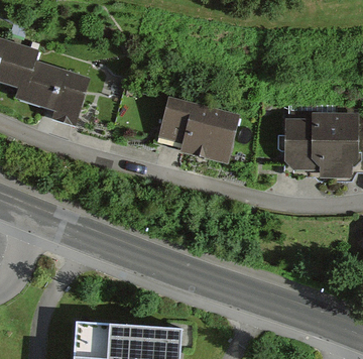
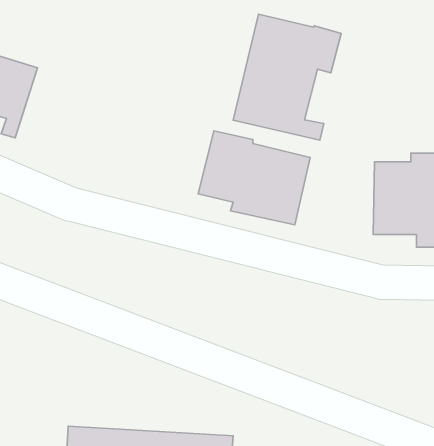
building: none -> [233,14,341,140]
building: [26,64,90,127] -> none

